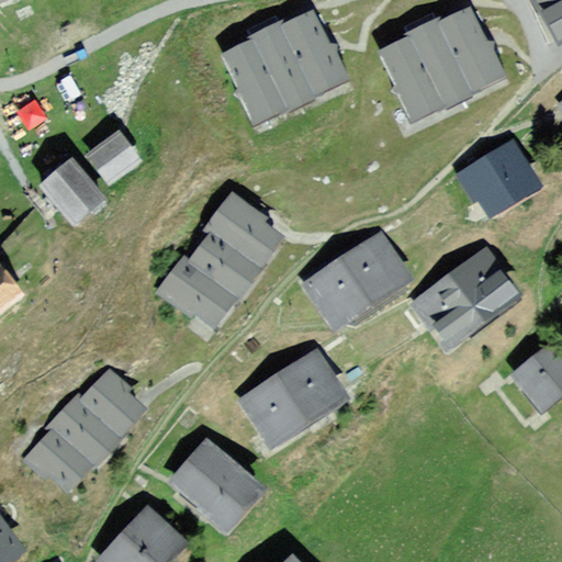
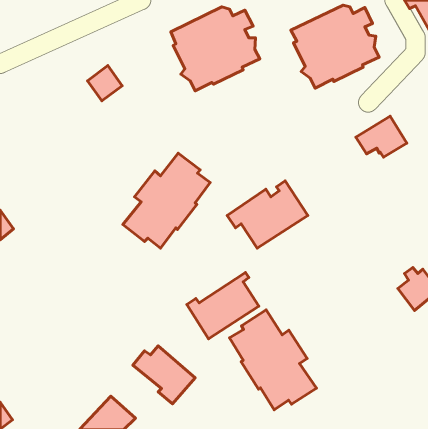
building: [92,137,137,183] -> [88,66,122,101]
building: [44,165,103,224] -> none
building: [415,256,513,345] -> none
building: [30,376,139,488] -> none
building: none -> [229,310,316,410]

